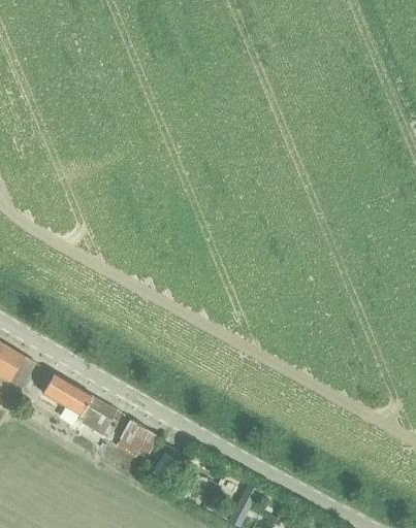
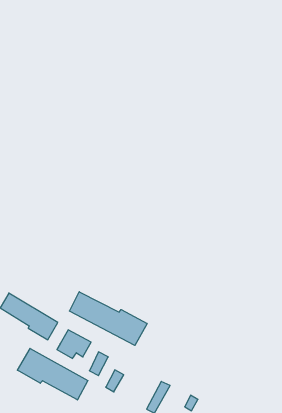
building: none -> [69,292,147,345]
building: none -> [17,348,88,400]

